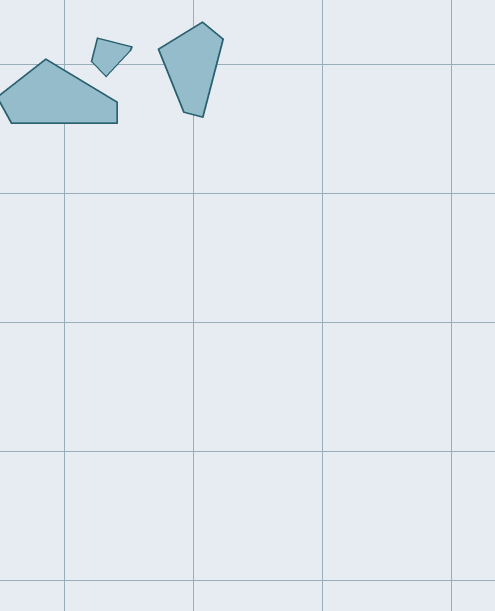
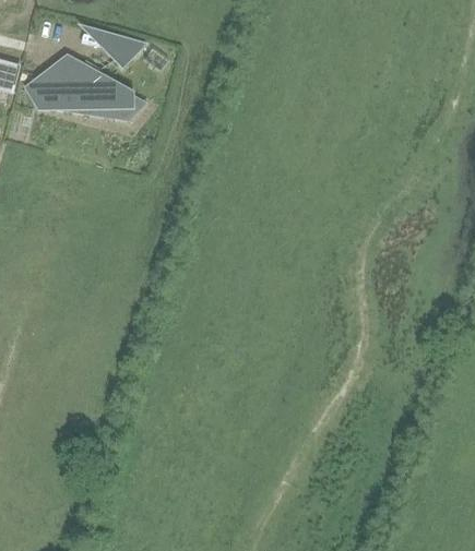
building: [159,22,223,117] -> none

